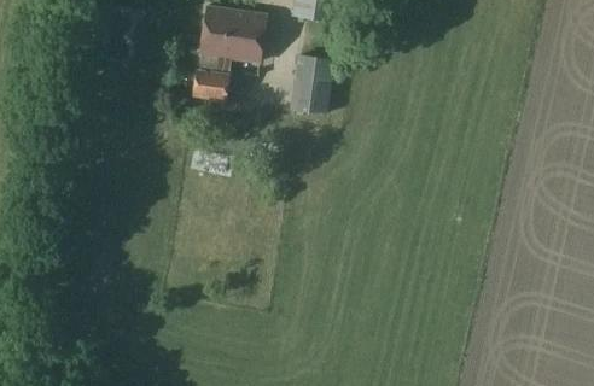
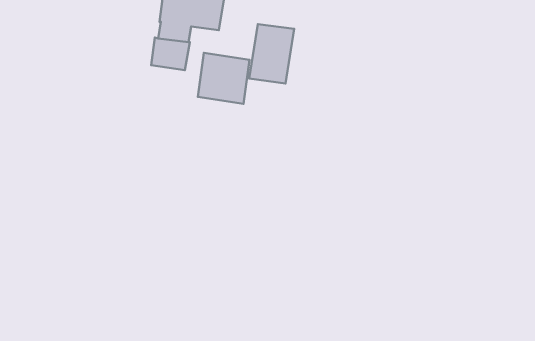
building: none -> [198,53,250,104]

